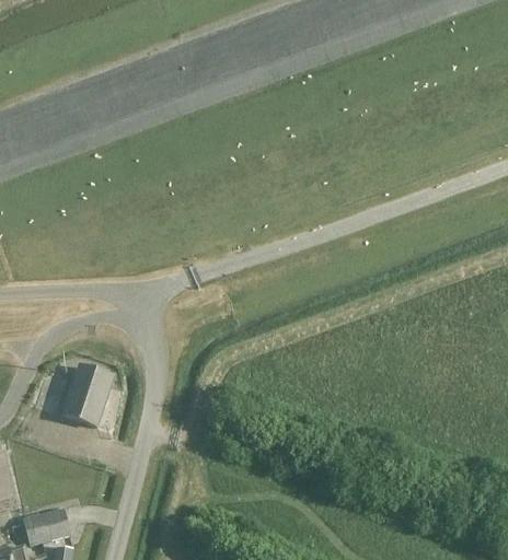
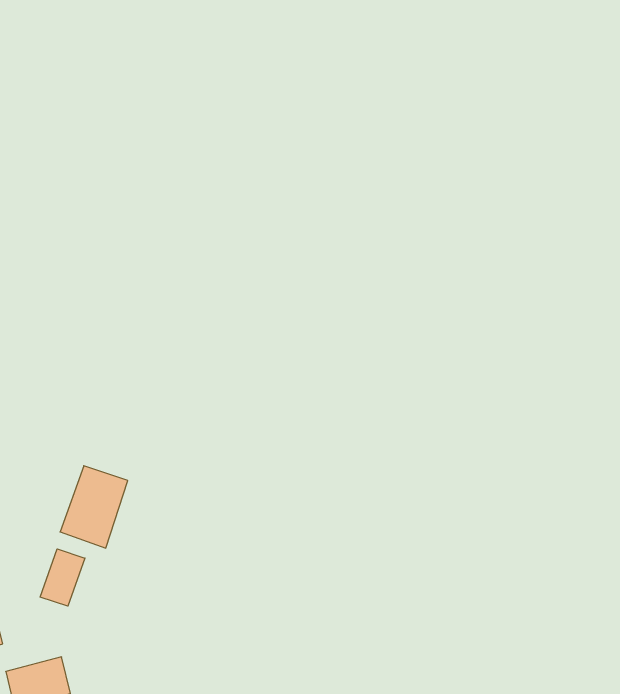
building: none -> [40,549,85,606]

